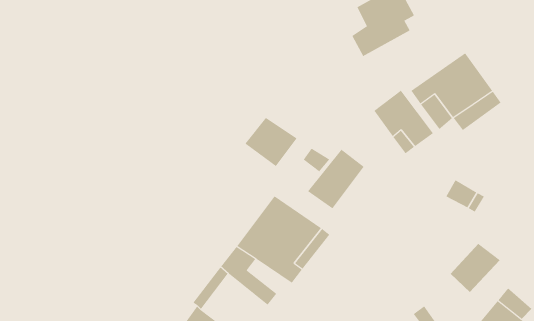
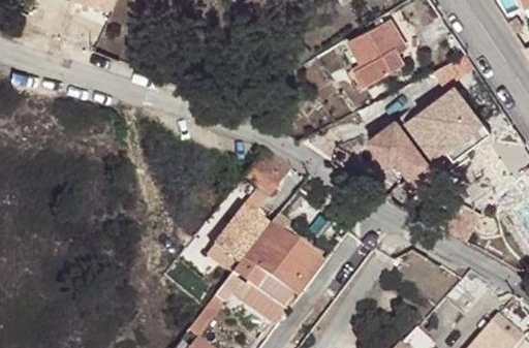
building: [307,149,364,209] -> [215,207,271,265]

